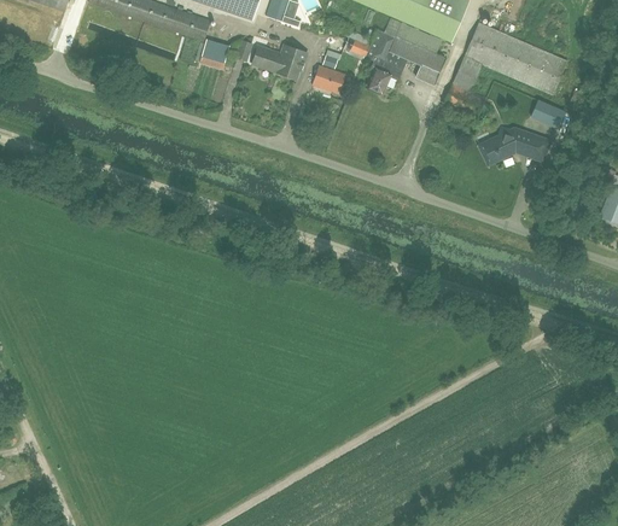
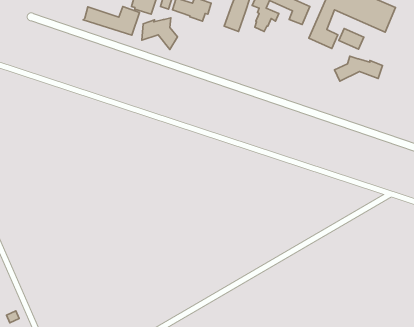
building: none -> [83,6,140,35]
building: none -> [142,18,178,49]
building: [530,99,565,128] -> [339,29,364,49]

